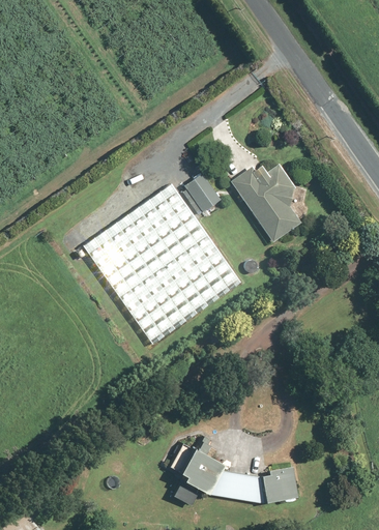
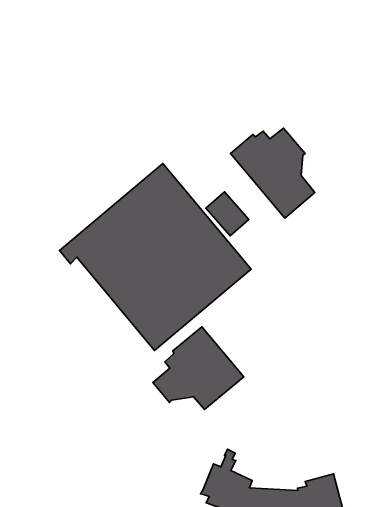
building: [184,173,221,211] -> [206,192,249,236]
building: none -> [153,327,244,409]

